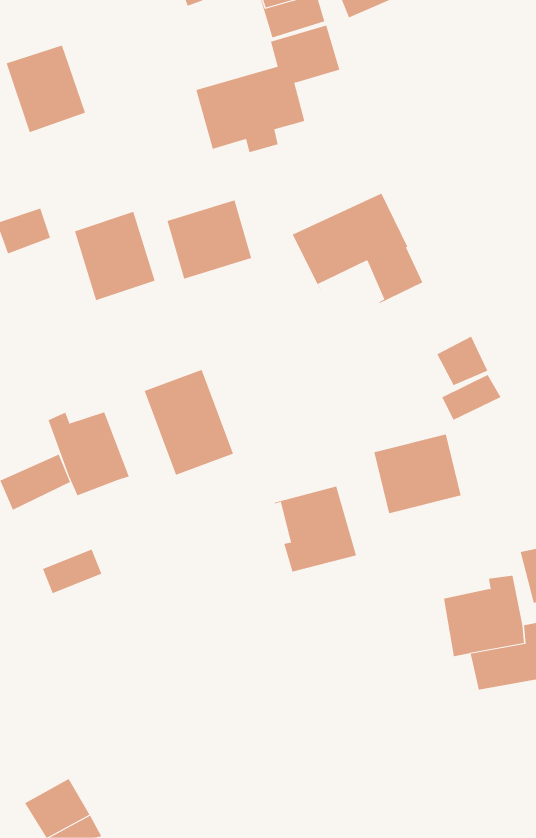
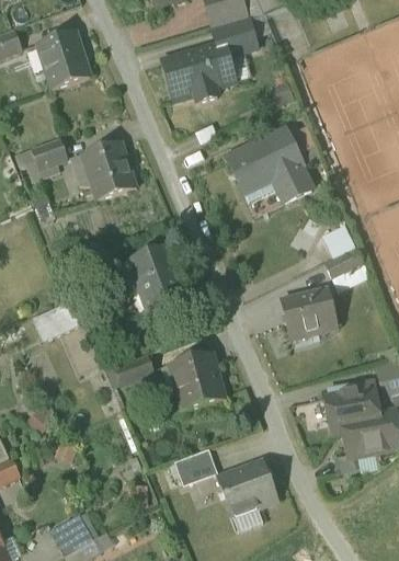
building: [167,200,252,279] -> none
building: [48,412,130,496] -> none
building: [274,486,357,572] -> [170,352,225,409]
building: [42,549,102,594] -> [114,354,153,383]
building: none -> [174,447,217,484]
building: none -> [218,459,276,515]

